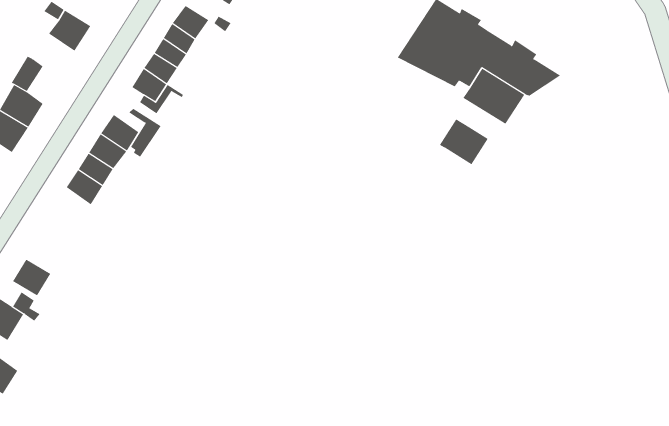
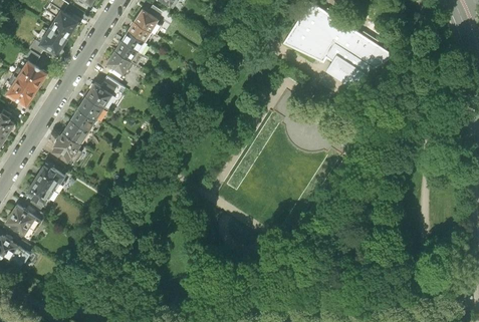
building: none -> [40,27,68,55]
building: [439,118,489,165] -> none
building: none -> [51,130,79,160]
building: none -> [35,164,64,189]

